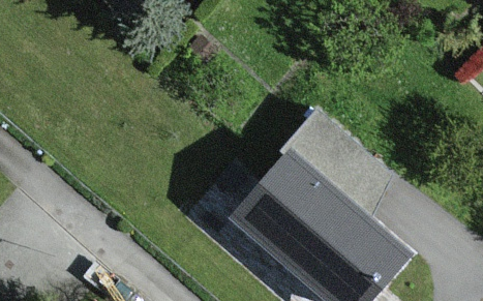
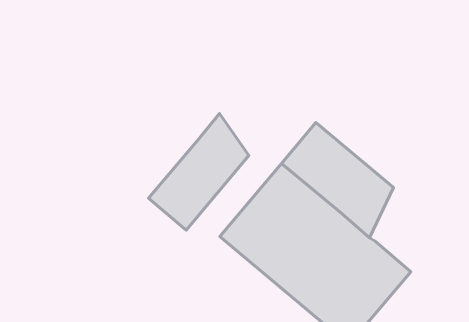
building: none -> [148,113,249,230]

